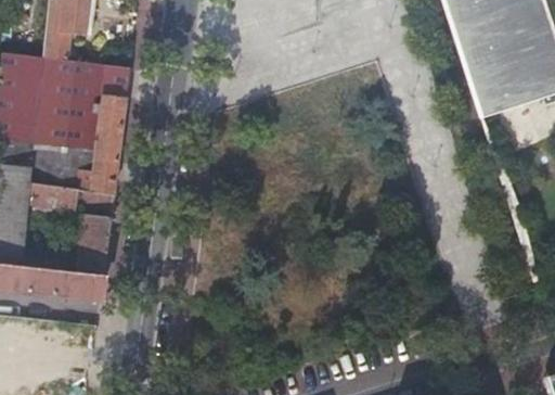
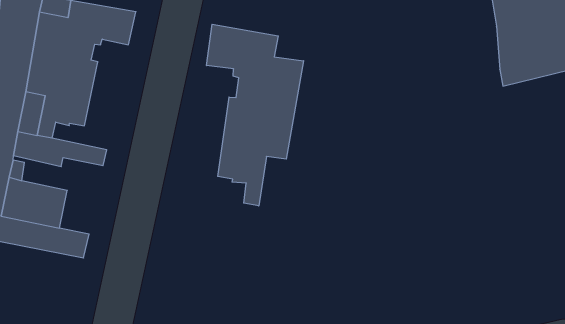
building: none -> [207,24,304,206]
building: [60,93,124,196] -> none
building: [74,216,108,277] -> none

